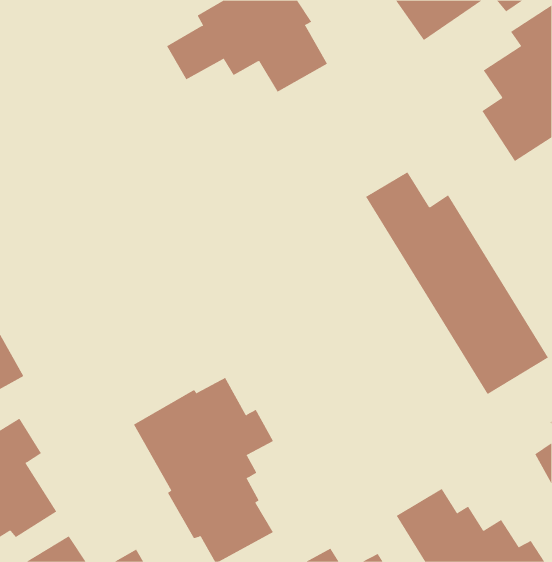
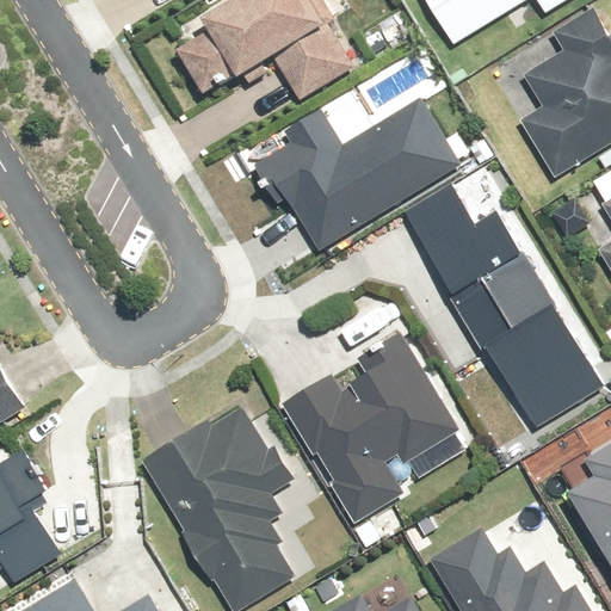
building: none -> [237,100,445,249]
building: none -> [285,332,469,521]

